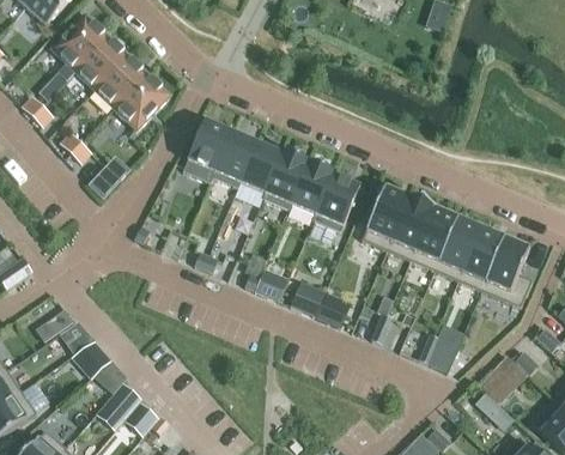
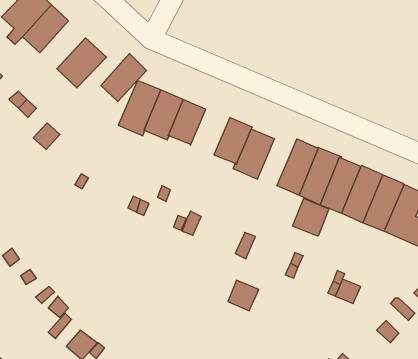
building: [93,53,145,107] -> [101,54,147,101]
building: [261,150,308,208] -> none
building: none -> [292,198,329,236]
building: [290,280,324,315] -> [228,280,259,311]

